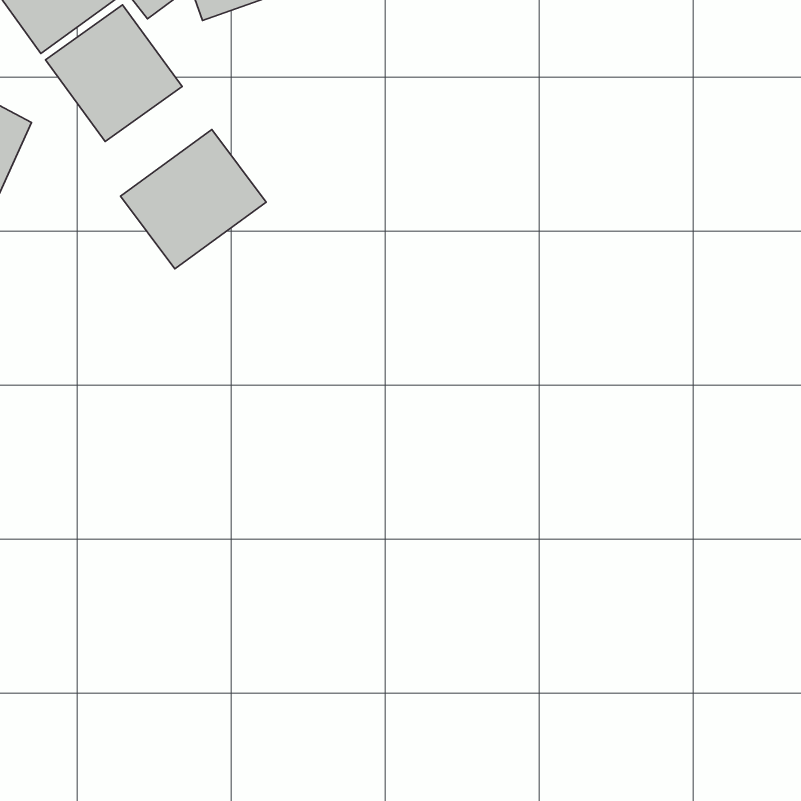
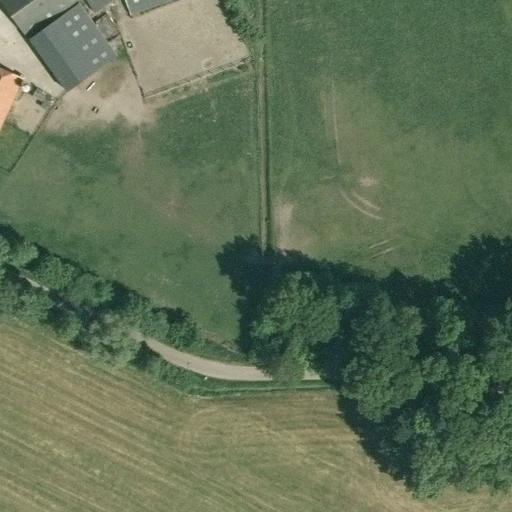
building: [121,130,266,269] -> none

